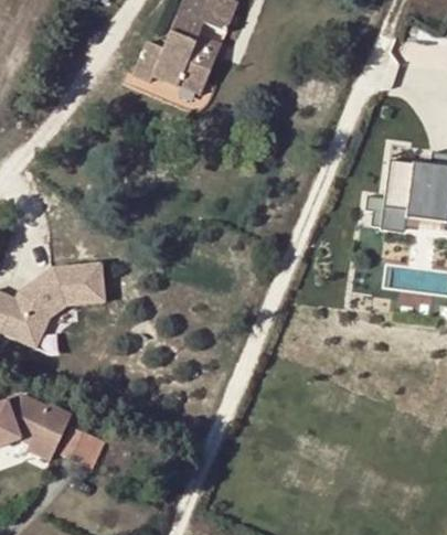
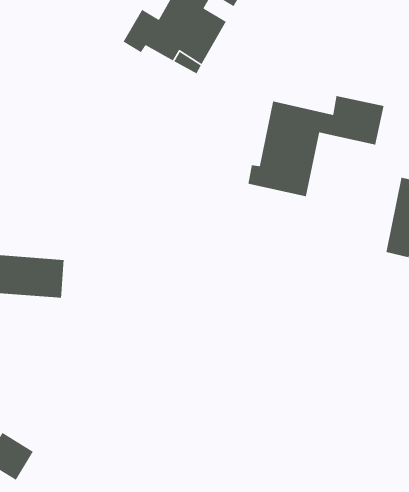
building: none -> [248,95,384,197]

